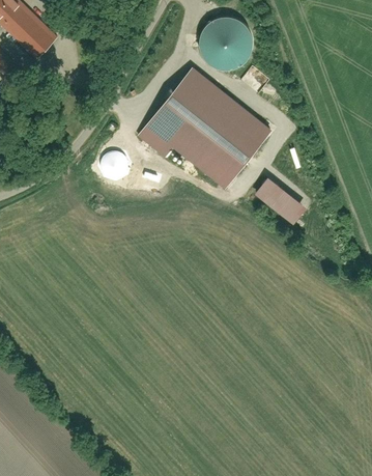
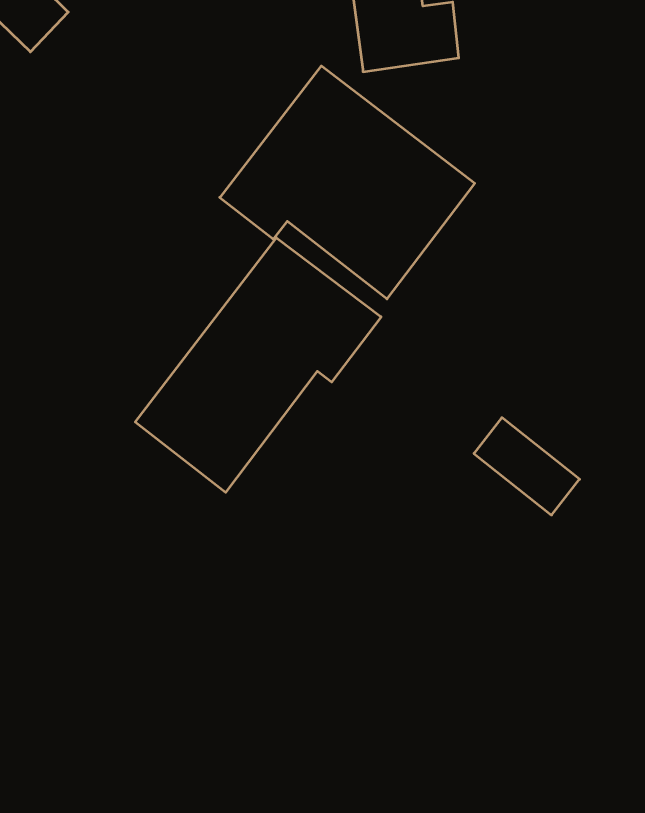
building: none -> [135,238,381,492]
building: [260,176,315,227] -> [474,418,580,515]

